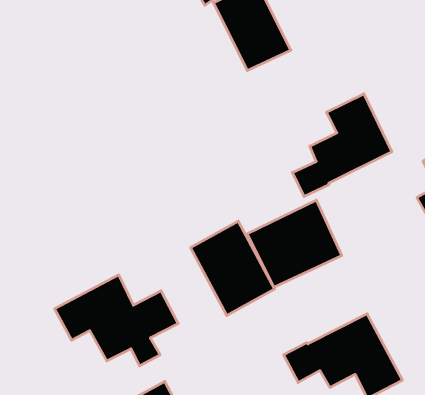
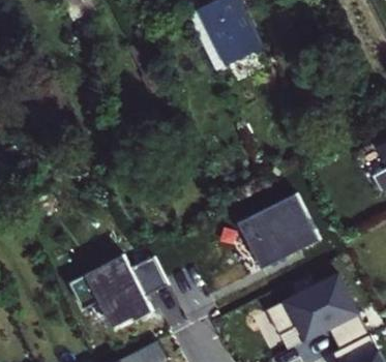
building: [292,94,392,197] -> none
building: [191,221,274,316] -> none

